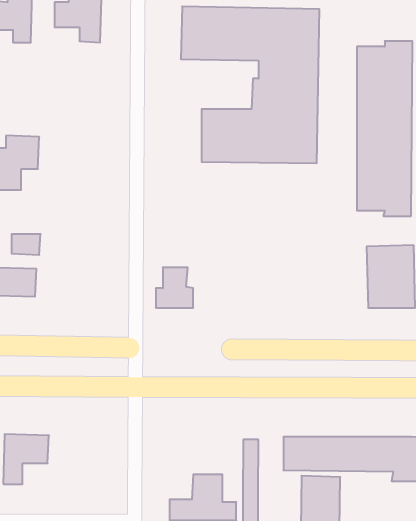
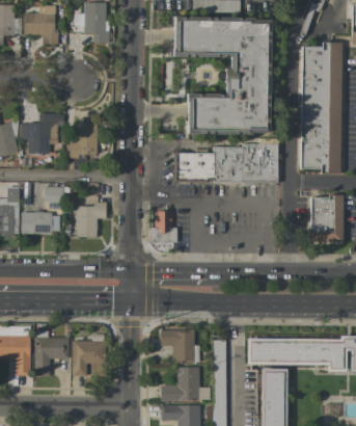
building: none -> [66,124,98,159]
building: none -> [174,144,278,182]
building: none -> [76,202,106,237]
building: none -> [159,329,194,362]
building: none -> [72,340,105,376]

